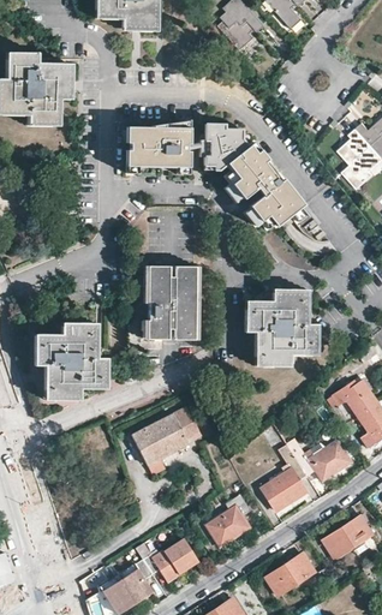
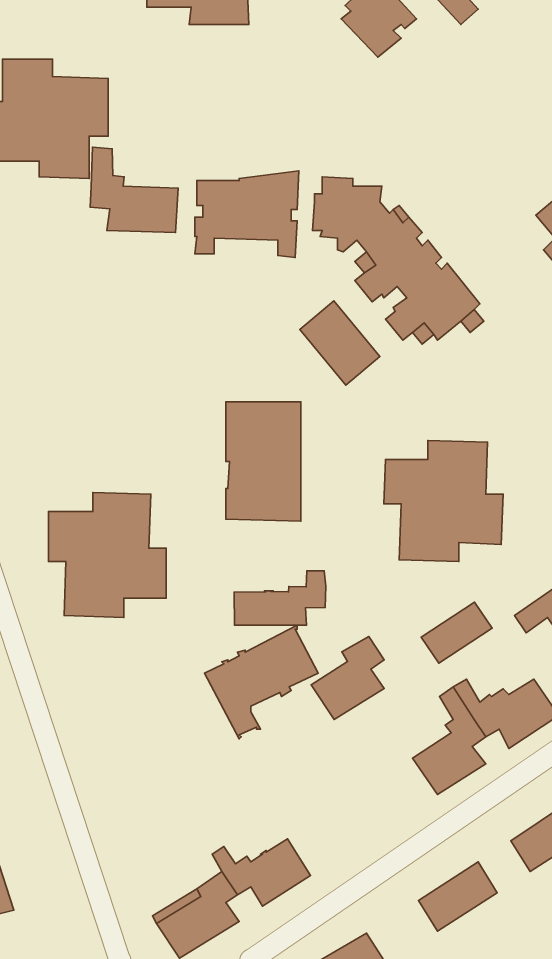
building: none -> [90,147,178,233]
building: none -> [300,301,380,385]
building: none -> [234,571,326,625]
building: none -> [421,602,492,663]
building: [205,495,251,547] -> [311,637,384,719]

